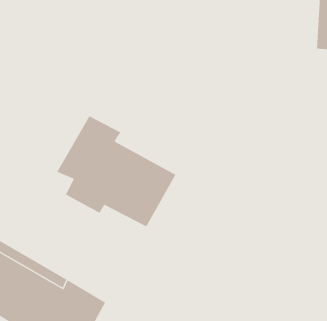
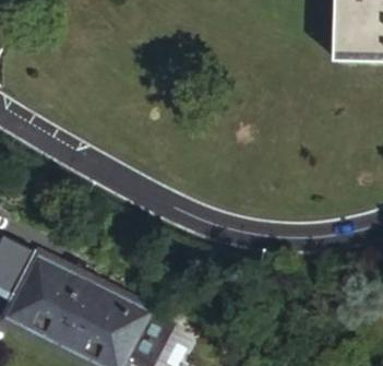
building: [56,115,176,227] -> none

